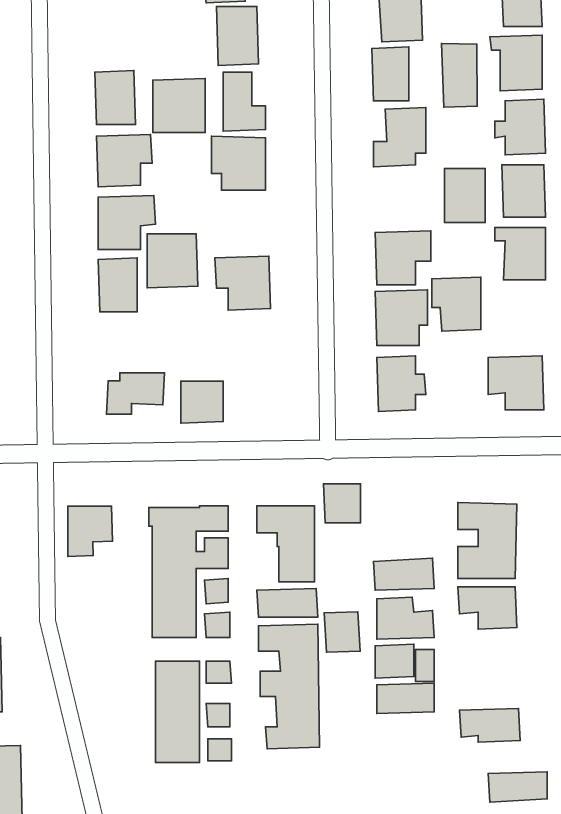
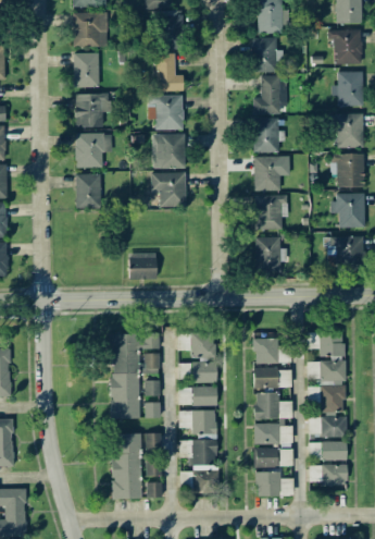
building: [442,43,477,107] -> none
building: [153,79,205,133] -> [74,12,108,47]
building: [445,168,485,222] -> [253,118,279,152]
building: [147,234,198,288] -> [153,134,186,169]
building: [432,277,481,331] -> [334,193,365,228]
building: [107,373,165,414] -> none
building: [323,484,361,523] -> [254,339,278,364]
building: [68,506,113,556] -> none
building: [324,612,360,652] -> none
building: none -> [309,416,347,437]
building: none -> [257,471,292,497]
building: [488,772,547,802] -> [309,441,347,461]

